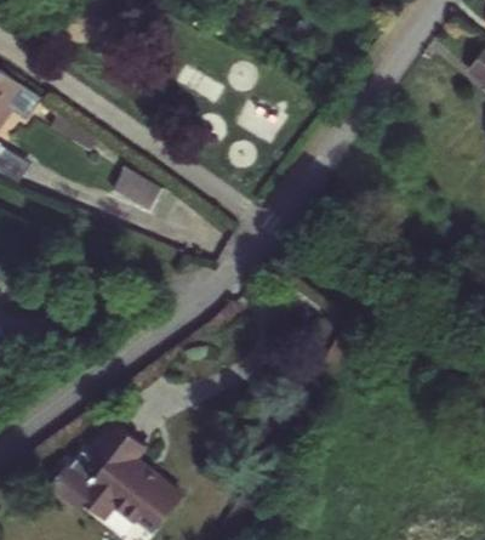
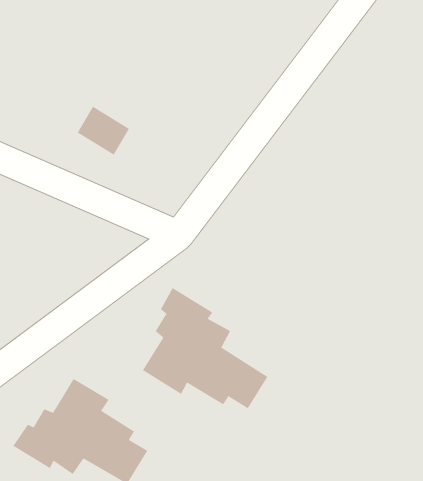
building: none -> [142,287,268,409]

